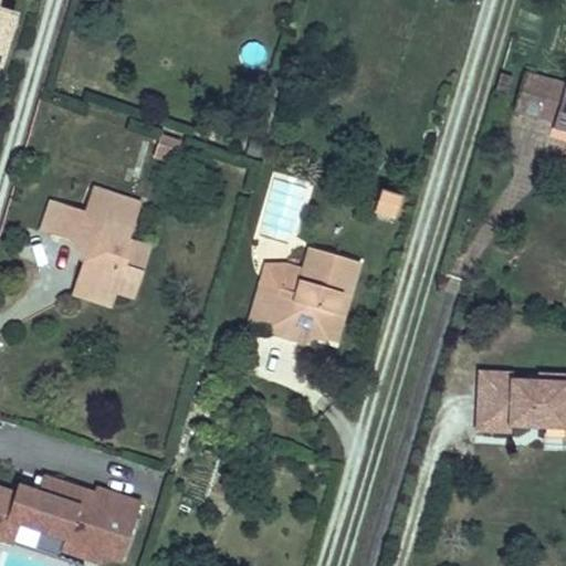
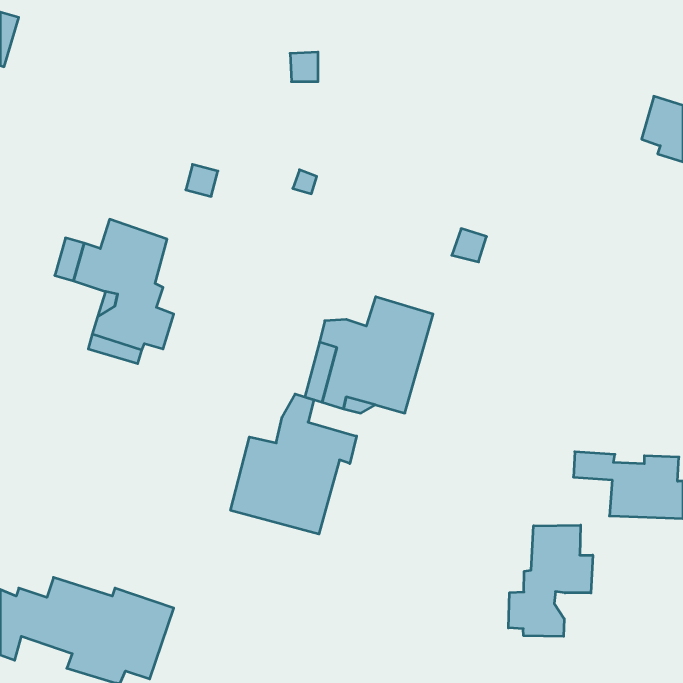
building: none -> [231,394,357,534]
building: [472,395,506,432] -> none
building: none -> [508,525,593,636]

